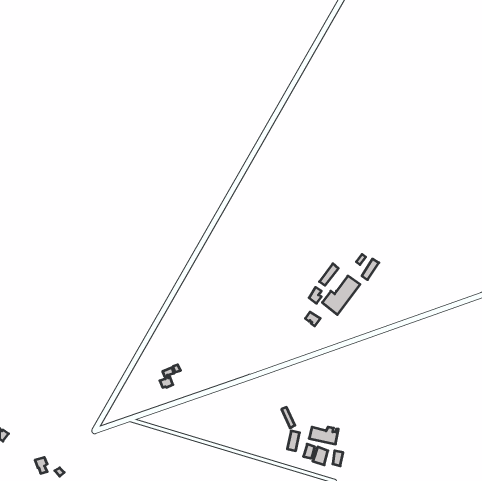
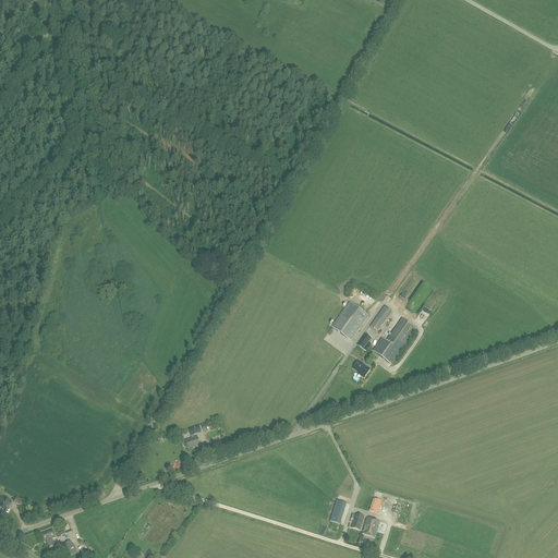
building: none -> [330,301,367,339]

